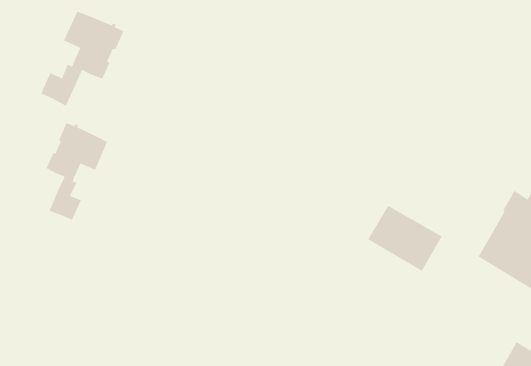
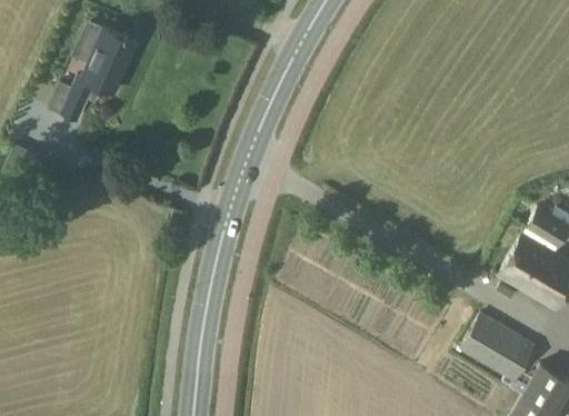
building: [45,122,108,221] -> none
building: [367,205,443,272] -> [460,311,538,380]

